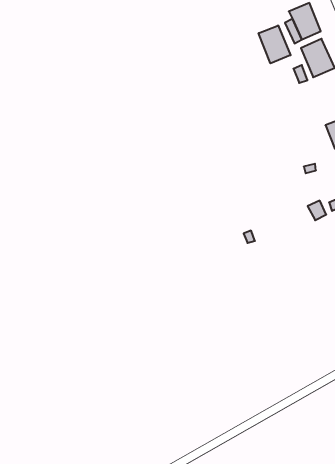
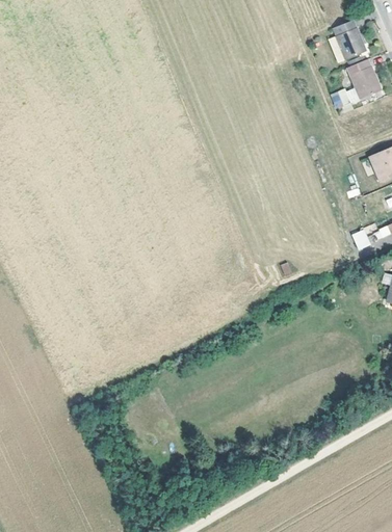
building: [259,25,291,63] -> none

